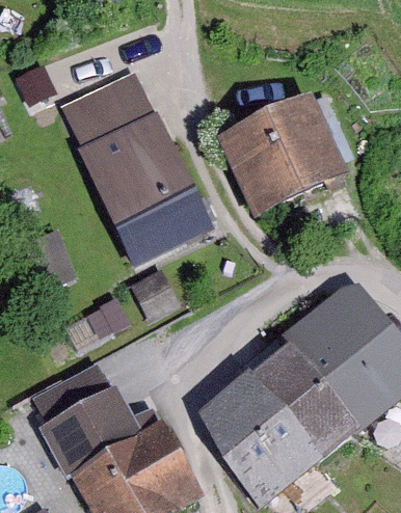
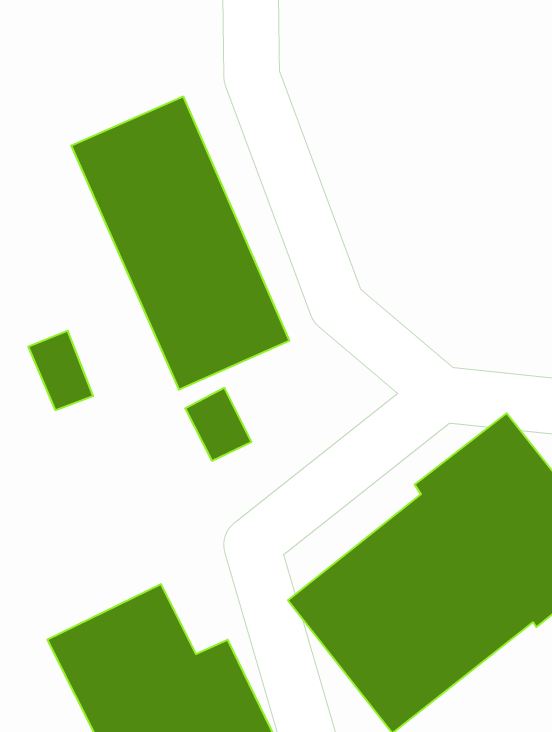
building: [228,89,348,207] -> none

